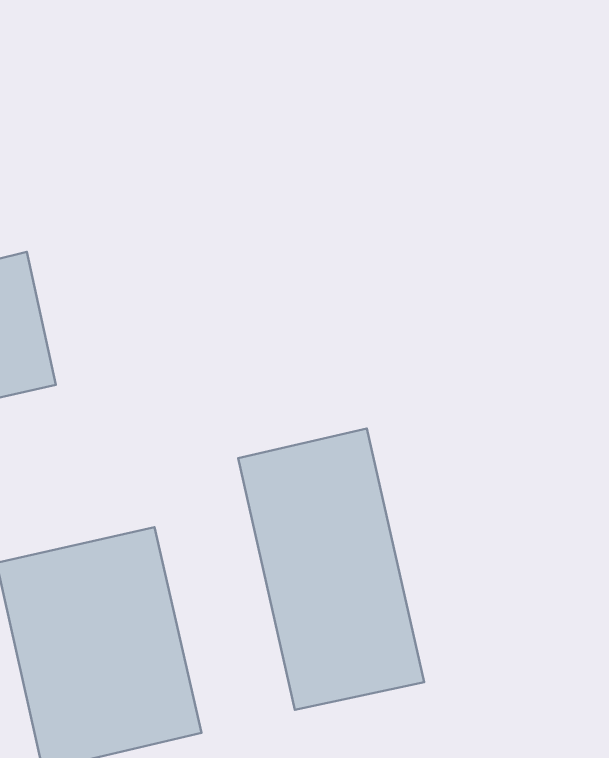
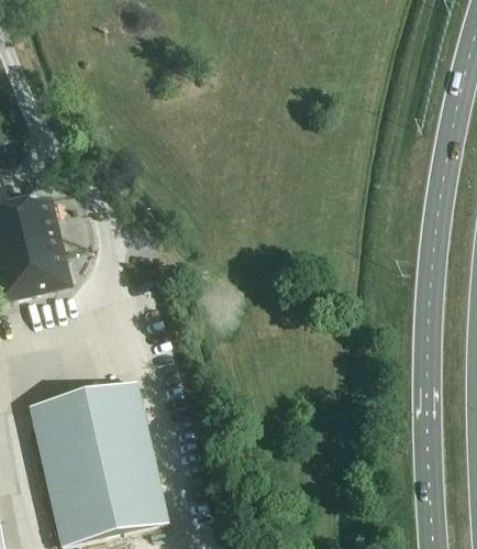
building: [238,429,424,710] -> none

